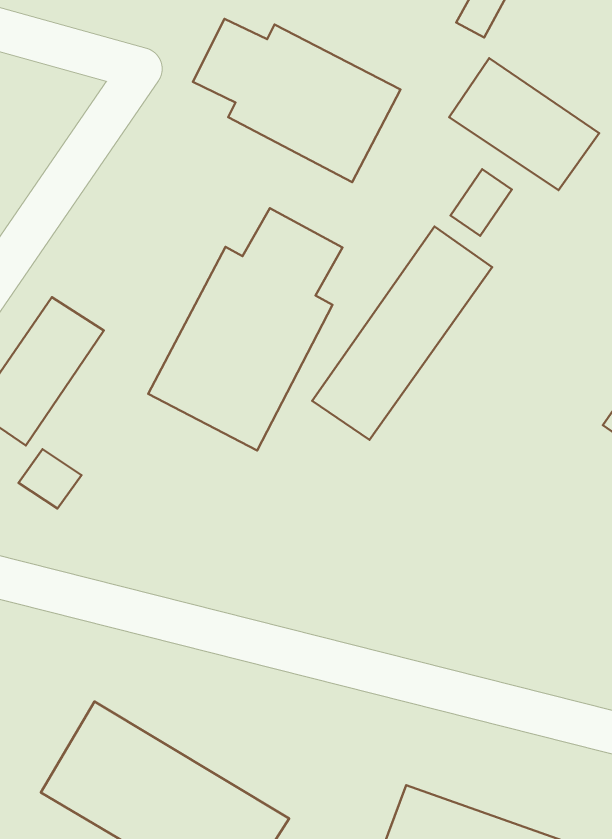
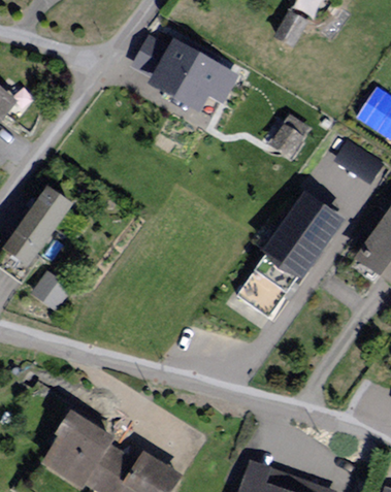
building: [449,58,599,190] -> none
building: [148,208,343,450] -> none
building: [312,226,492,440] -> [234,197,334,316]

